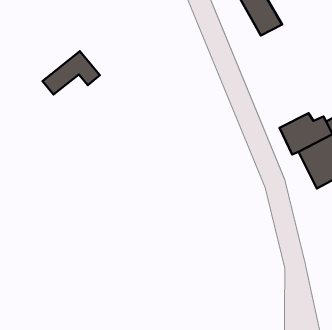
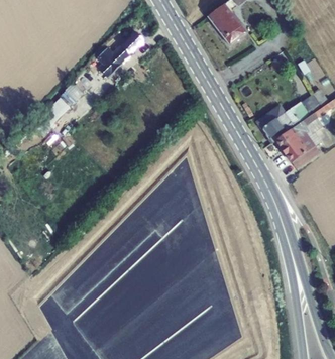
building: none -> [98,30,145,76]

